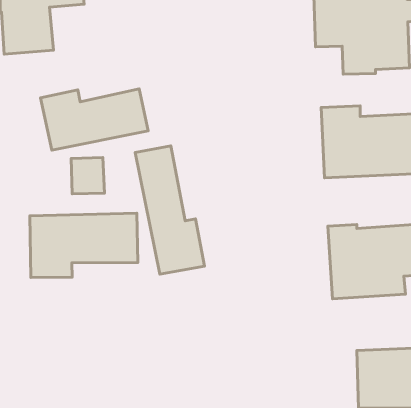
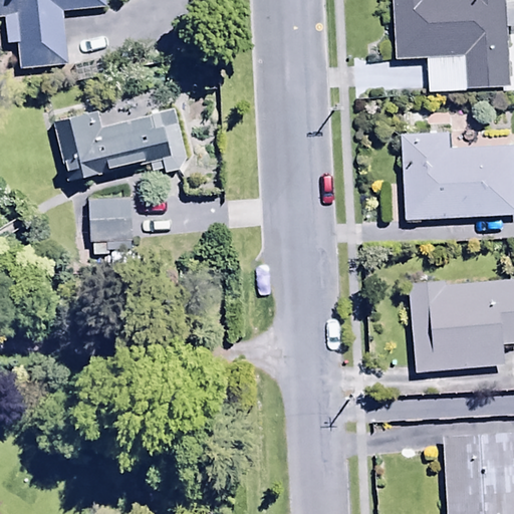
building: [135,146,205,274] -> none
building: [30,213,138,277] -> none

